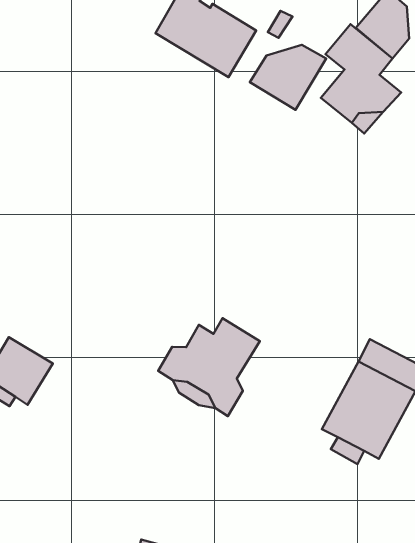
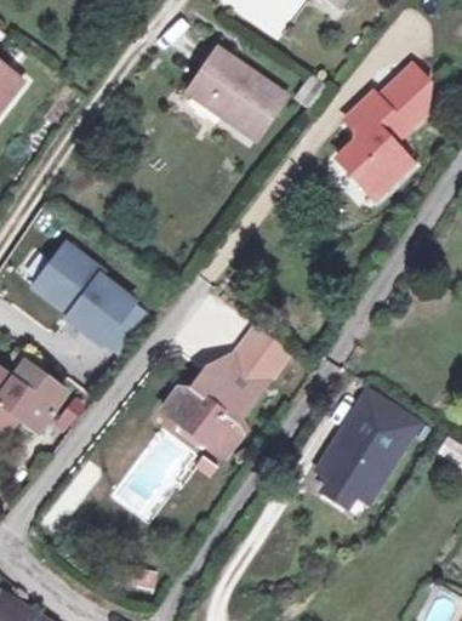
building: [250,45,326,110] -> none
building: none -> [36,246,137,344]
building: none -> [229,323,292,386]

